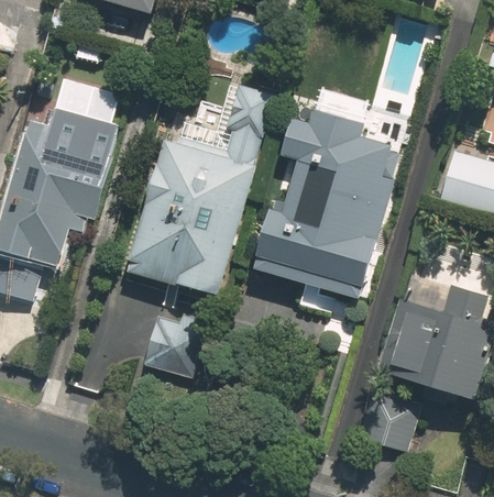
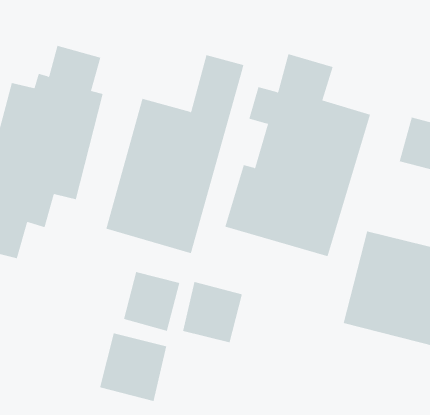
building: none -> [182,281,243,343]
building: none -> [100,333,167,402]
building: [352,400,416,452] -> none

